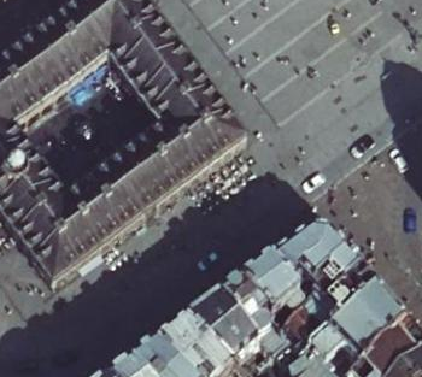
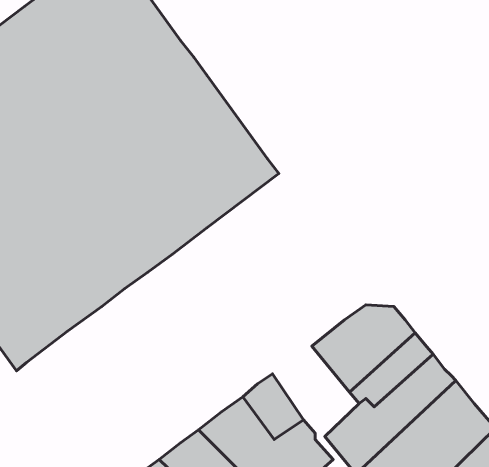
building: [241,260,305,331] -> none

